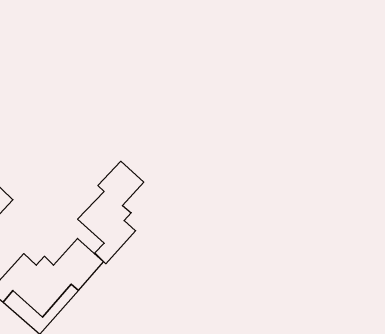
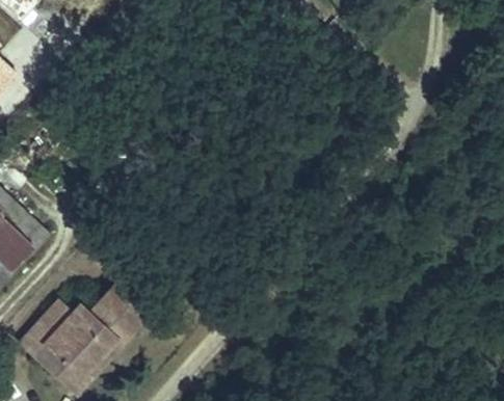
building: [78,161,144,264] -> none

